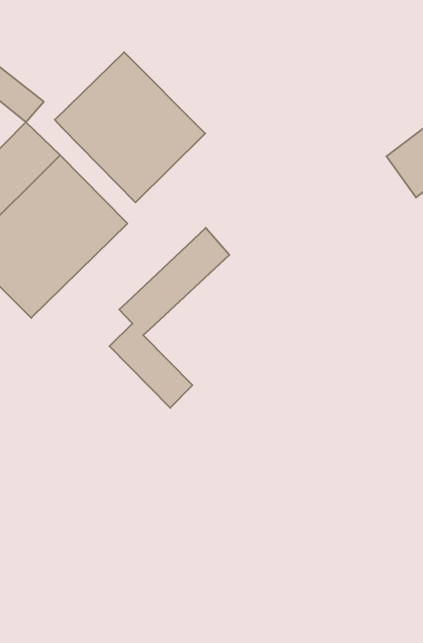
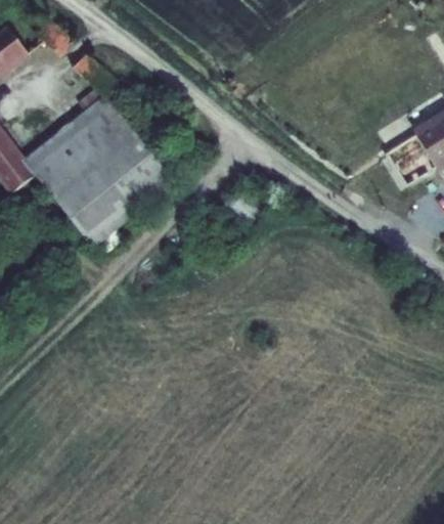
building: [55,52,205,202] -> none
building: [109,228,229,408] -> none

